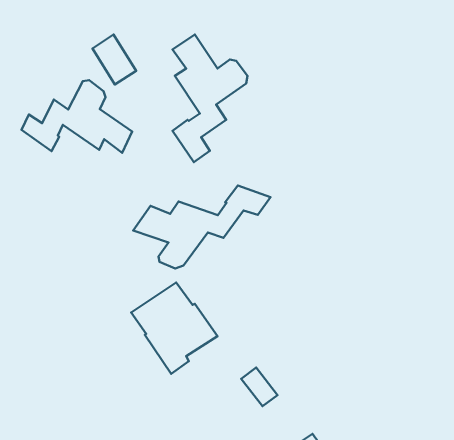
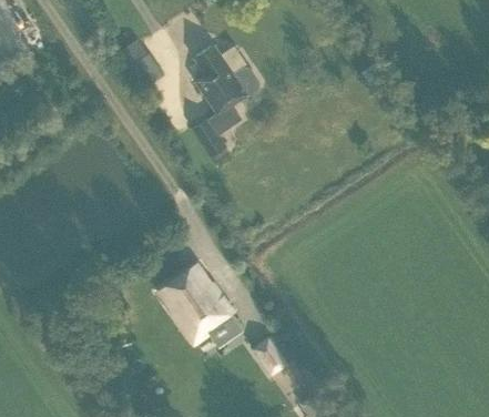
building: [21,80,132,153] -> none
building: [133,185,271,268] -> none

